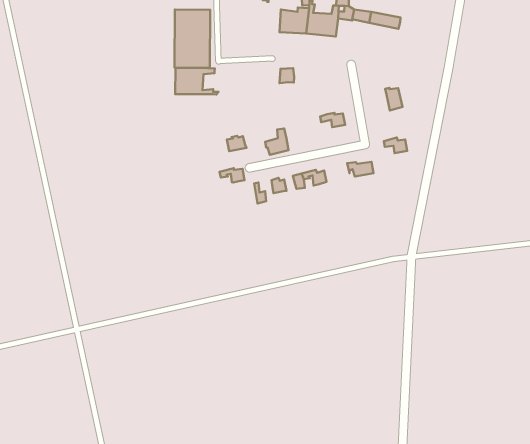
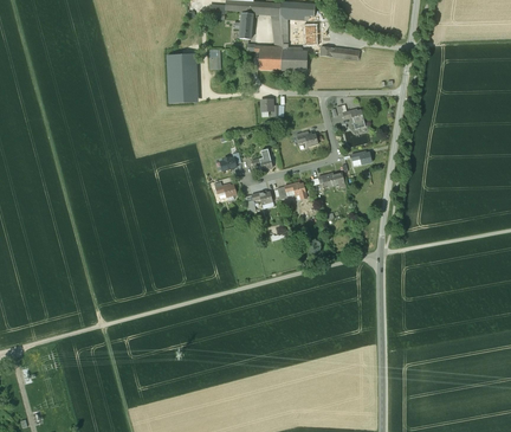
building: [175,68,218,94] -> none

